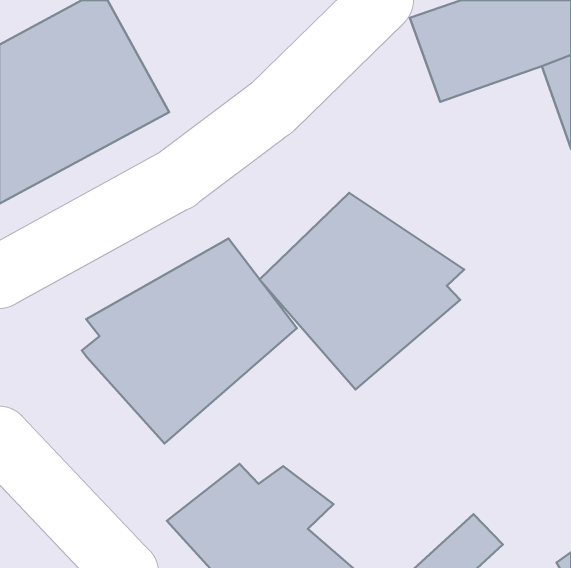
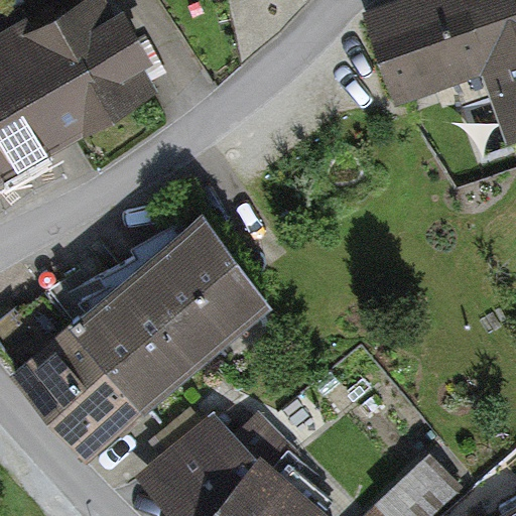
building: [259,193,464,390] -> none
building: none -> [19,326,148,457]

